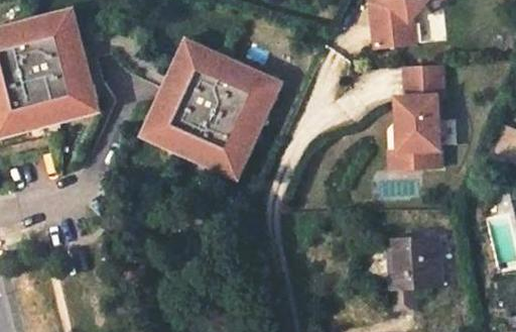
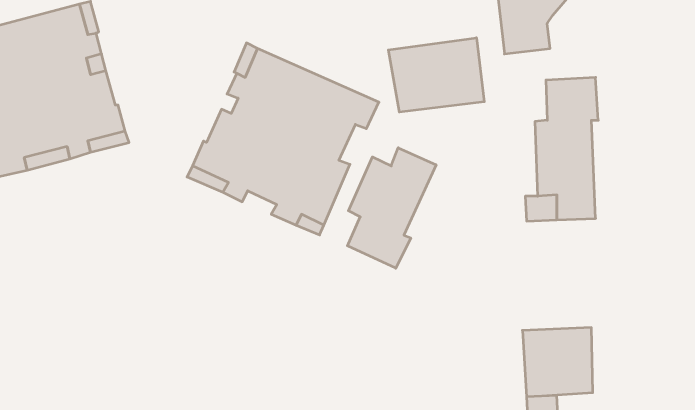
building: none -> [388,38,484,112]
building: none -> [347,148,436,268]

